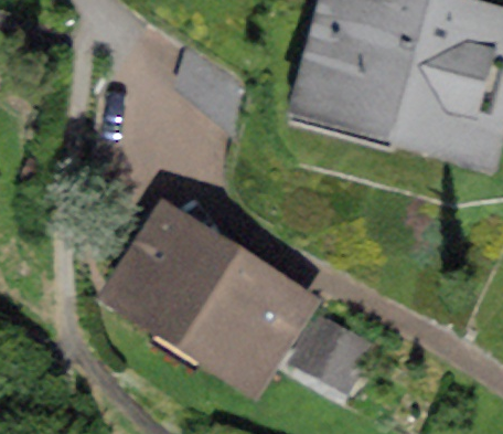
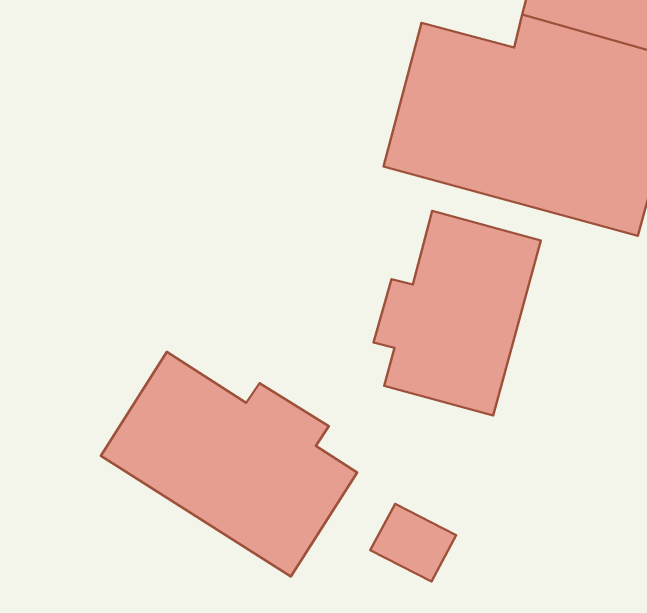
building: none -> [373,211,541,416]

